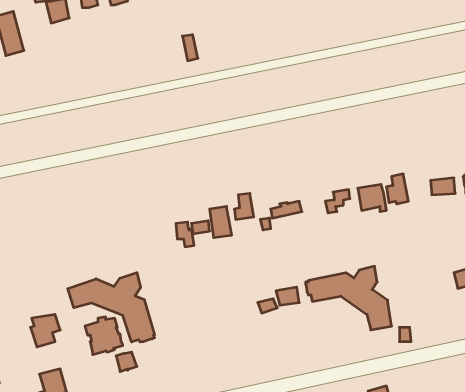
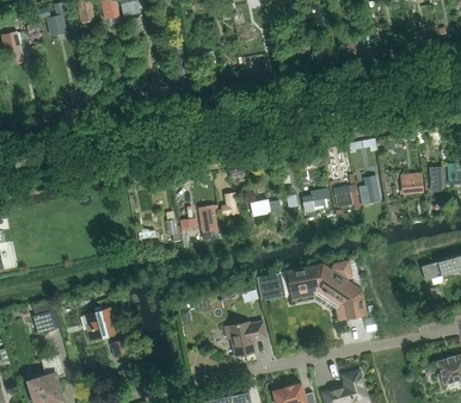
building: [68,273,155,342] -> none
building: none -> [225,322,265,355]

